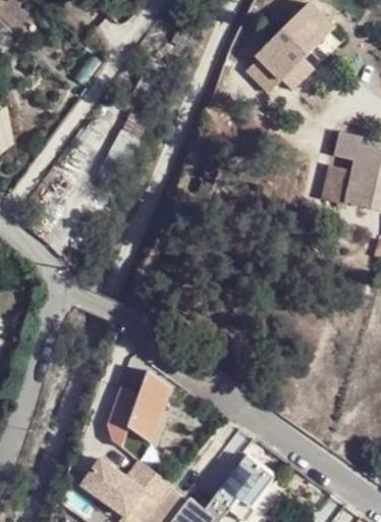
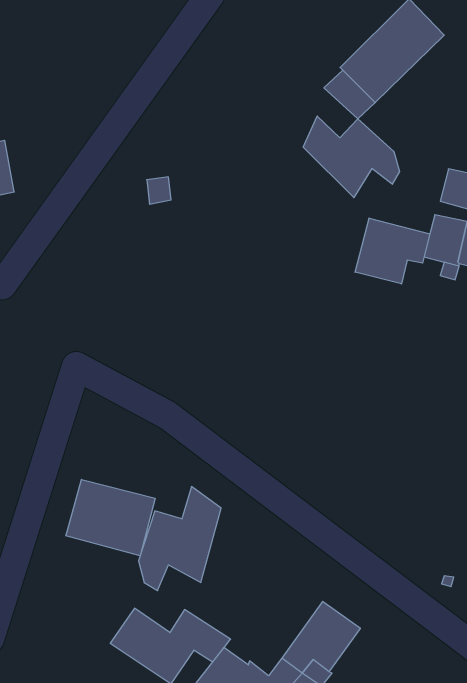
building: none -> [303,116,399,198]
building: none -> [355,218,430,284]
building: none -> [66,479,155,556]

